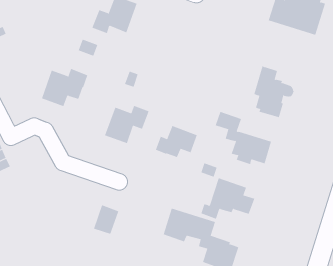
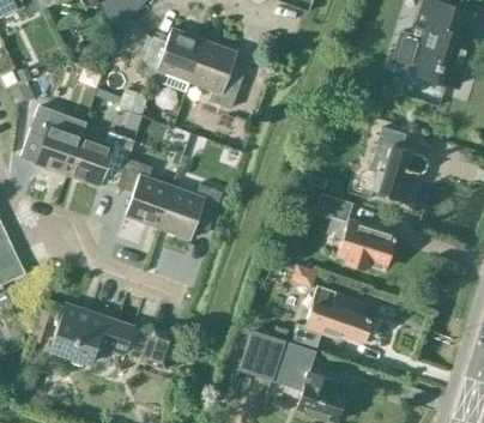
building: none -> [188,40,240,109]
building: none -> [29,108,80,175]
building: none -> [116,159,171,228]
building: [155,125,197,158] -> none
building: none -> [49,303,133,364]

